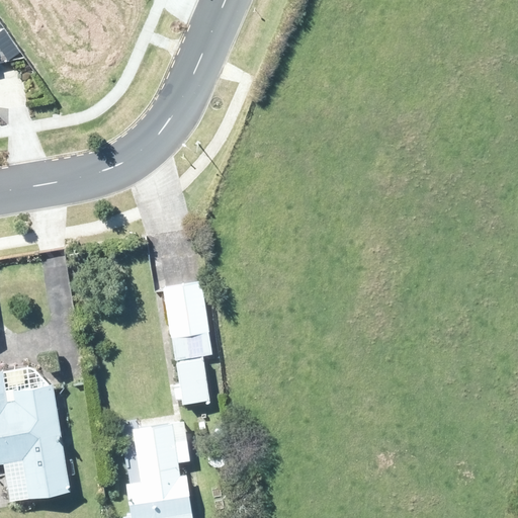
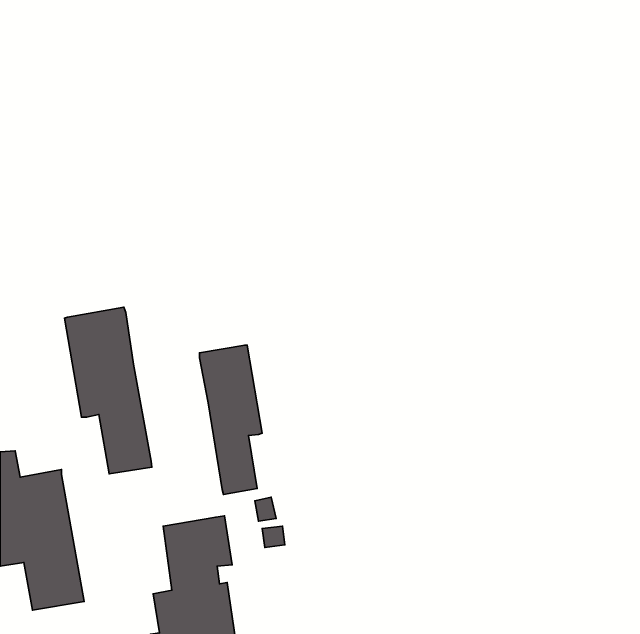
building: none -> [64,307,152,474]

